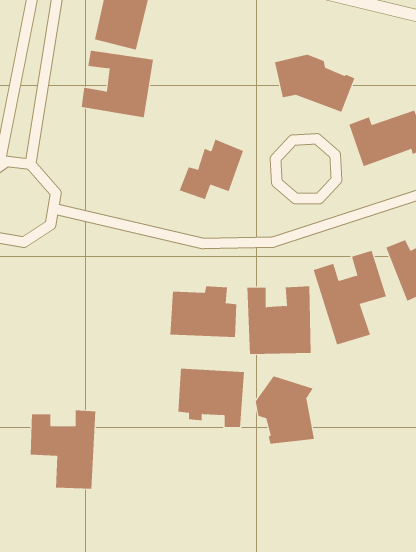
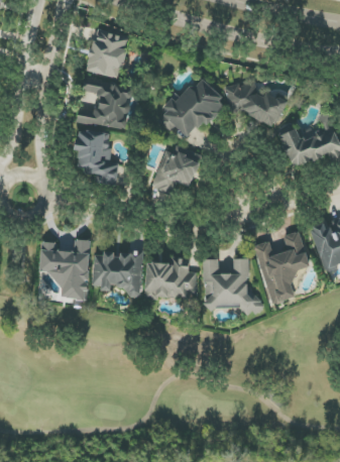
building: none -> [158,79,224,137]
building: none -> [75,130,118,186]
building: [177,368,245,428] -> [92,251,143,297]
building: [255,375,315,444] -> none
building: [30,410,96,489] -> [39,239,90,300]

